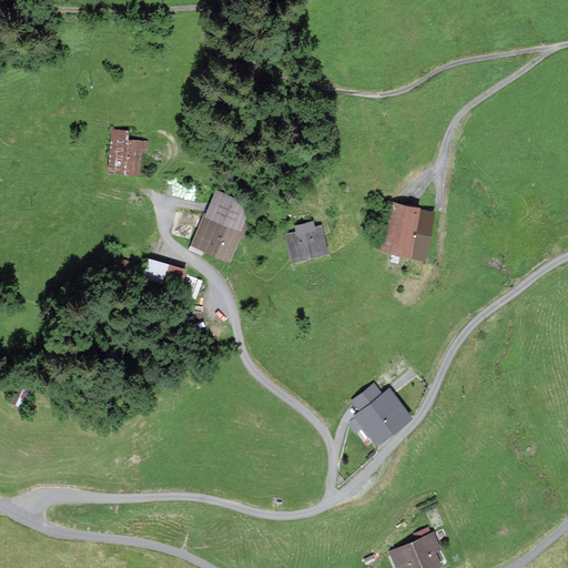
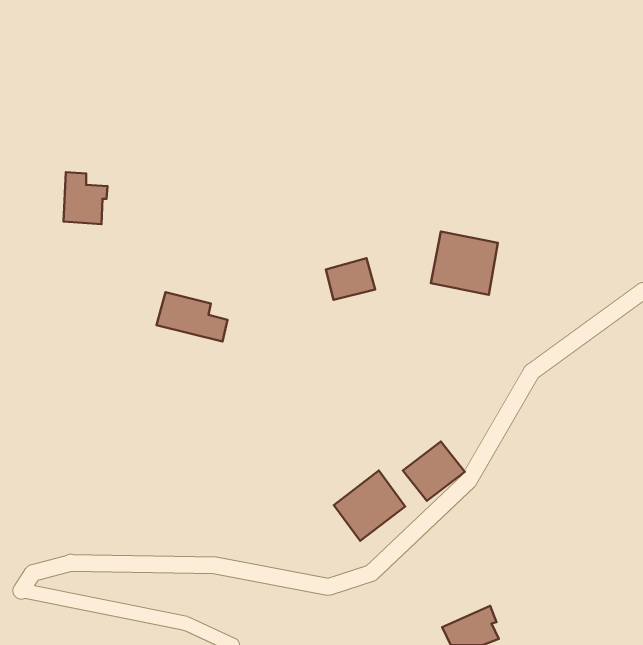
building: [108,130,146,175] -> [63,172,108,224]
building: [190,187,252,262] -> none
building: none -> [334,471,405,541]

